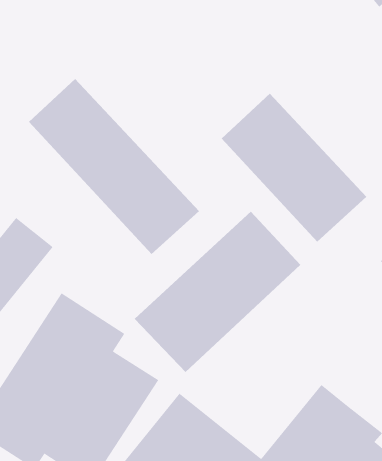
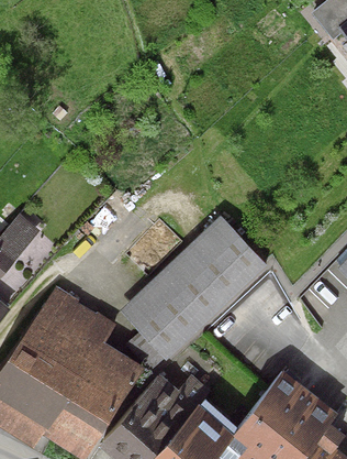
building: [28,78,200,255] -> none
building: [221,93,367,242] -> none

